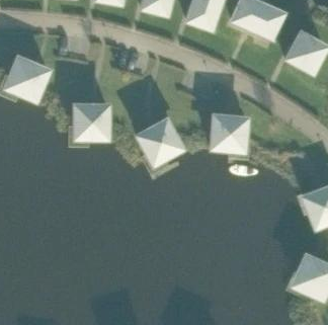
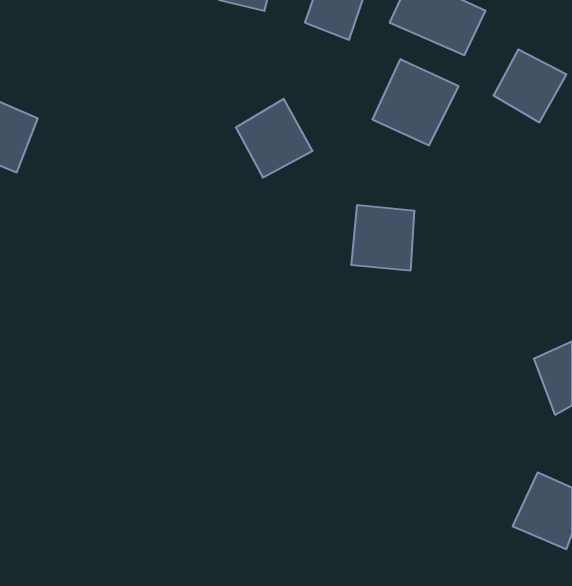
building: none -> [373,59,459,146]
building: [74,103,105,135] -> none
building: [138,118,178,160] -> [236,99,313,178]

